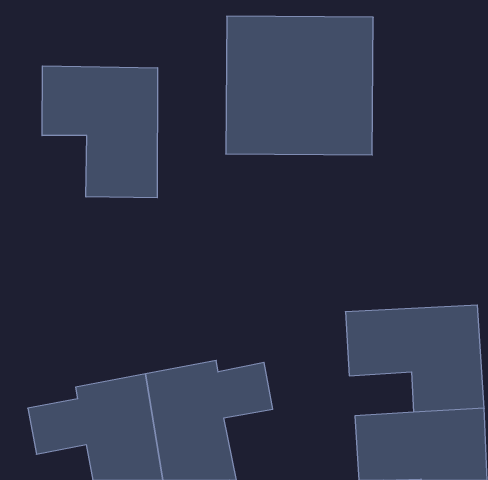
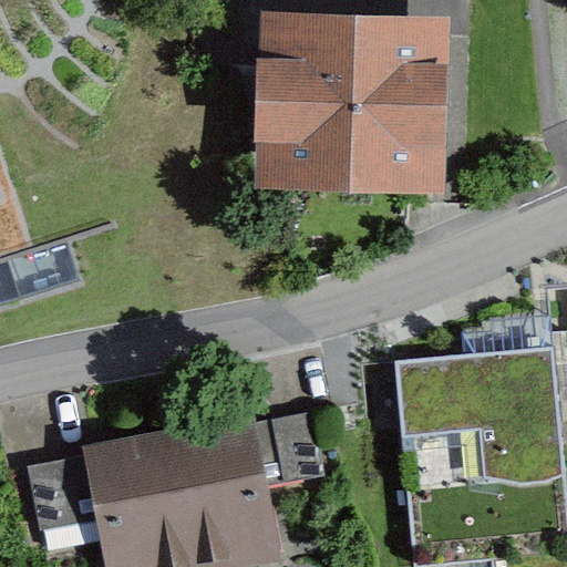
building: [42,66,158,198] -> none

